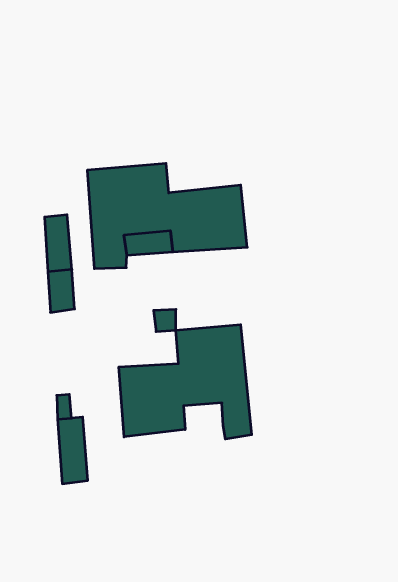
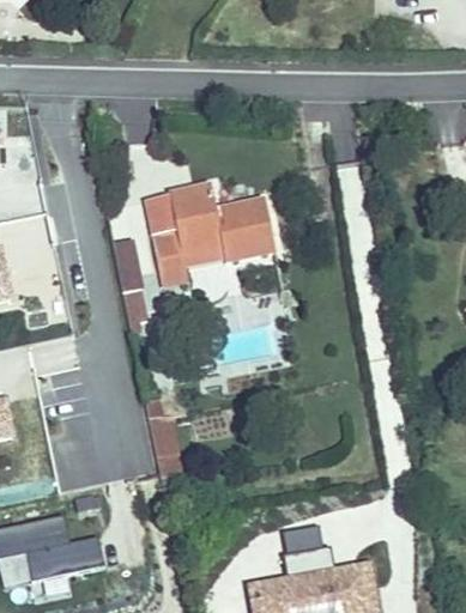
building: [119,325,252,439] -> none

